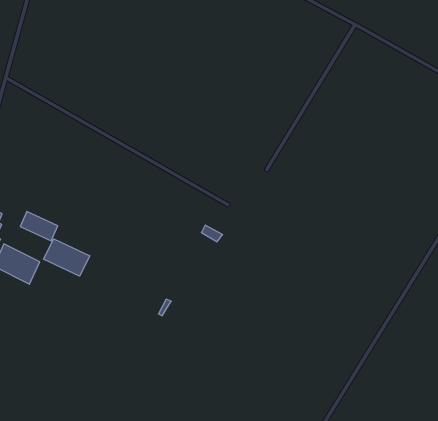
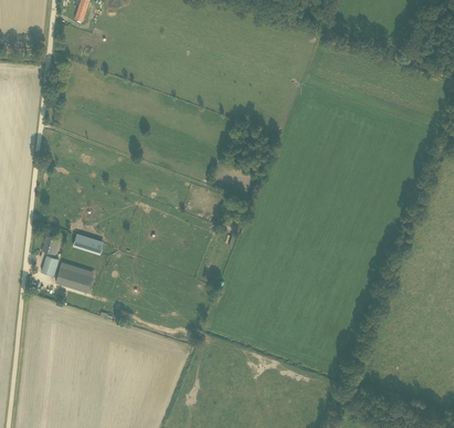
building: [44,239,90,276] -> none

